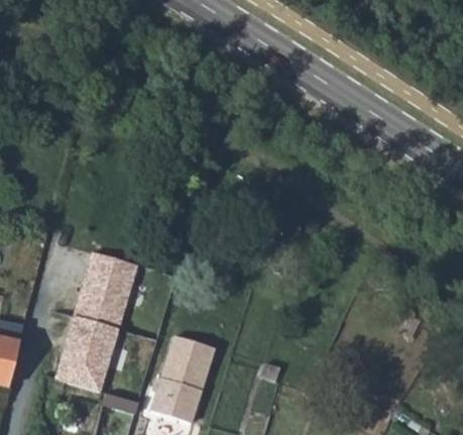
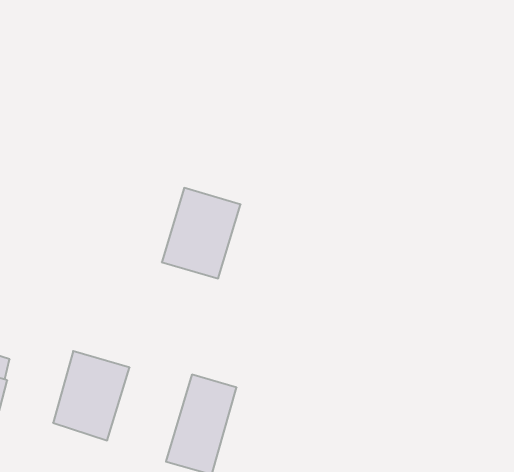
building: [74,251,141,329] -> [162,188,241,278]

